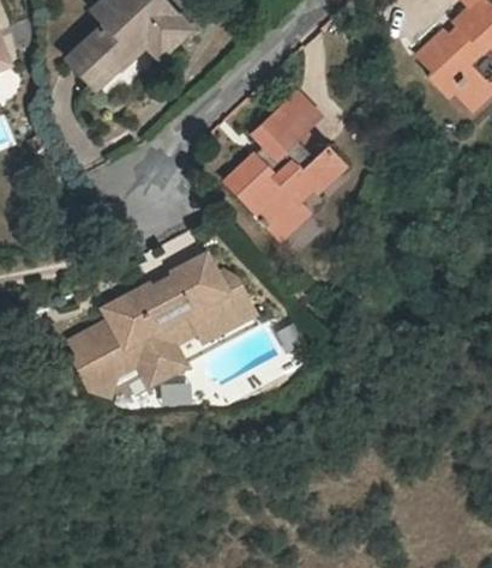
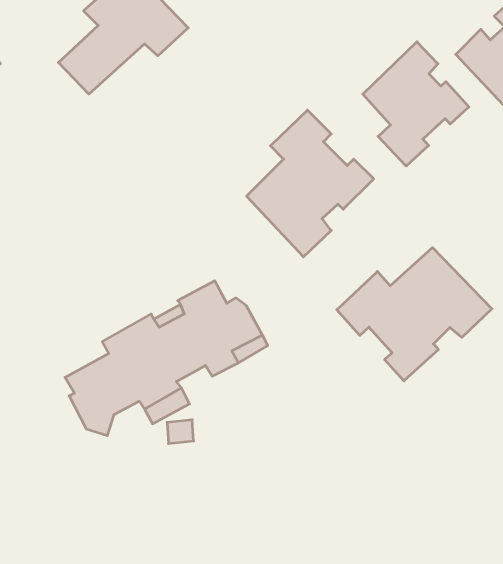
building: none -> [363,42,469,166]
building: none -> [337,248,492,381]

